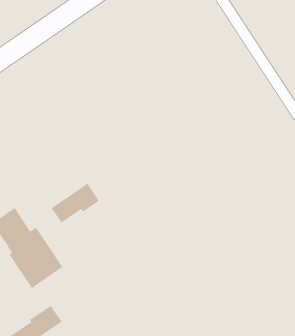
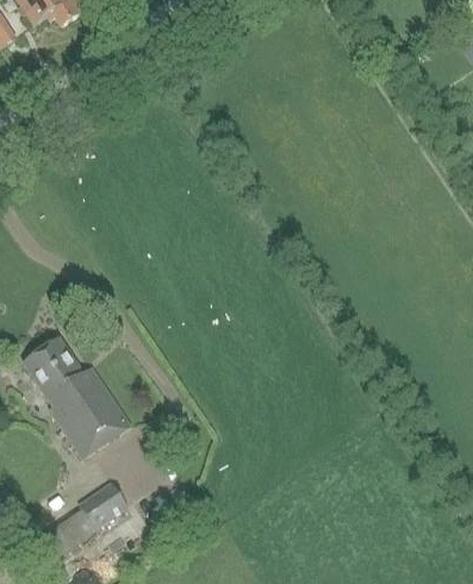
building: [51,183,100,224] -> none

